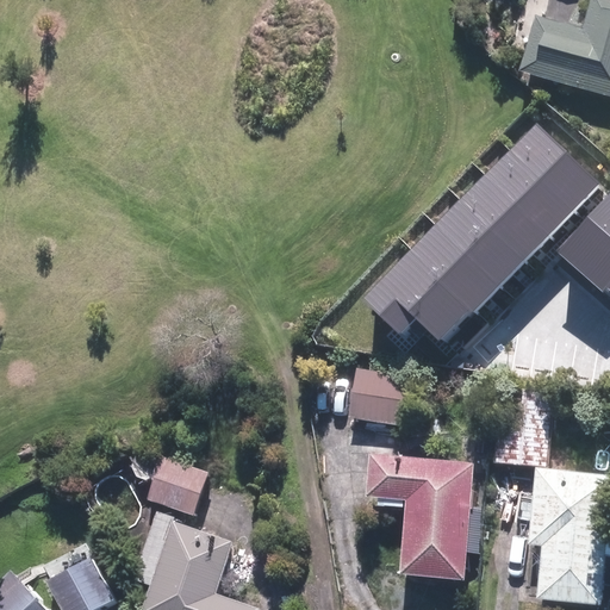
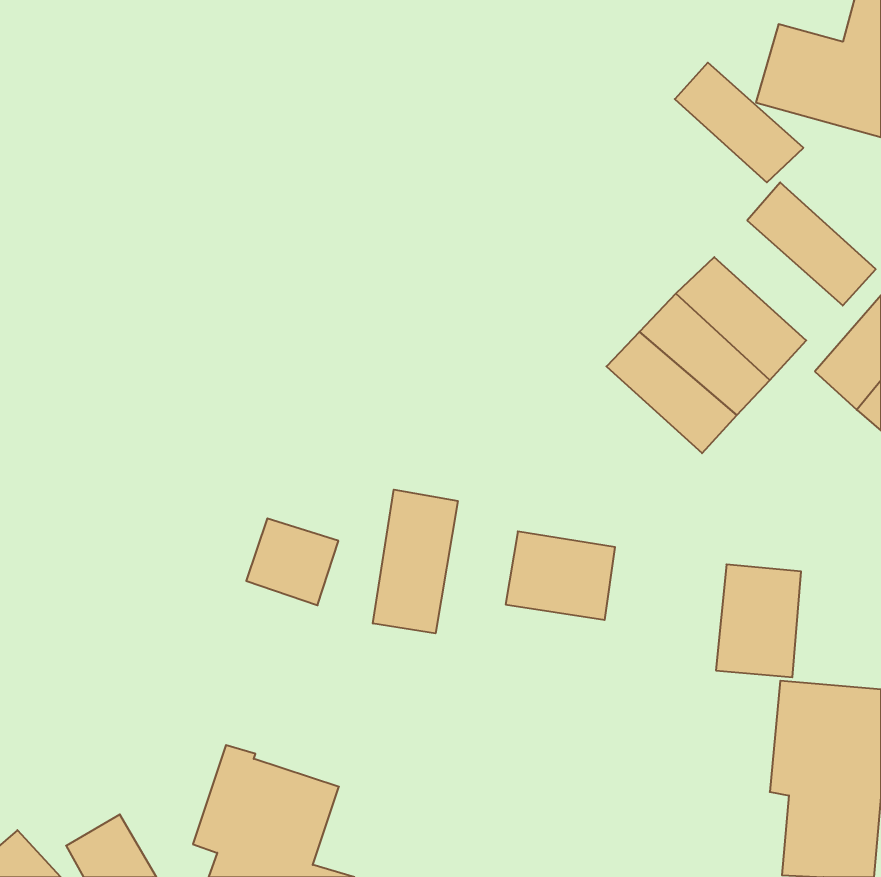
building: [490,151,578,234] -> [675,63,803,182]
building: [365,251,481,342] -> none
building: none -> [373,490,458,633]
building: [144,454,207,513] -> [246,518,338,605]
building: [367,455,473,580] -> none

